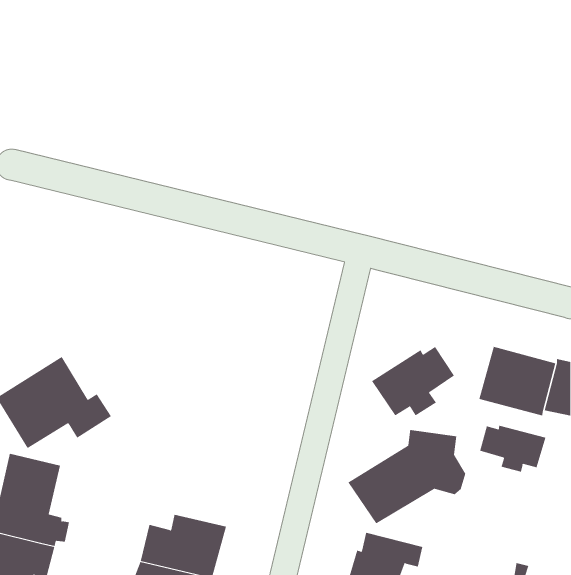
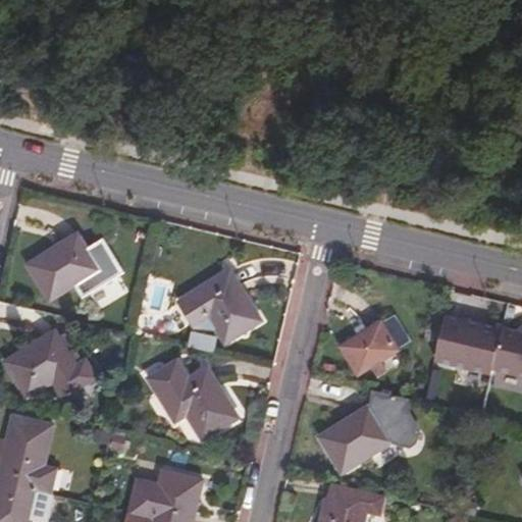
building: none -> [22,231,124,304]
building: none -> [171,266,266,346]
building: none -> [144,356,243,445]
building: [480,425,546,472] -> none

